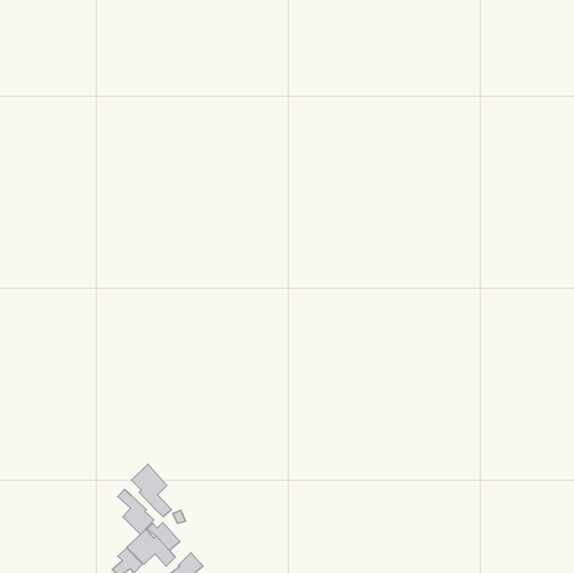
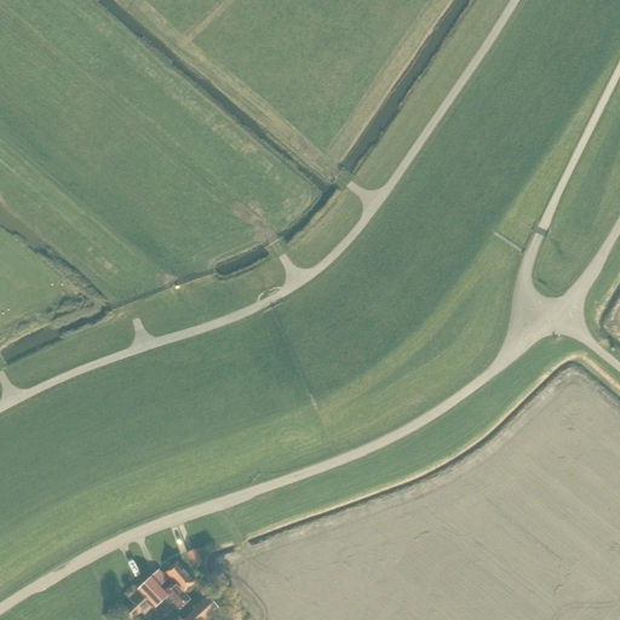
building: [131,464,171,517] -> none
building: [118,490,154,534] -> none

